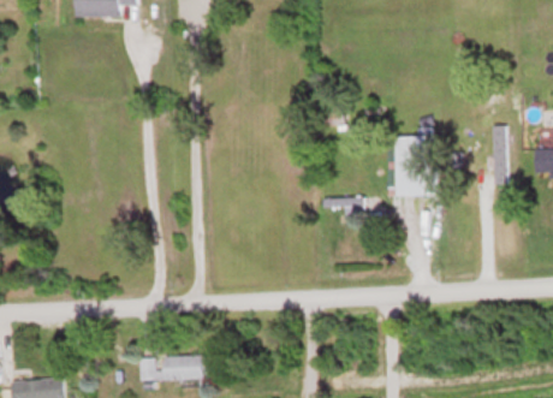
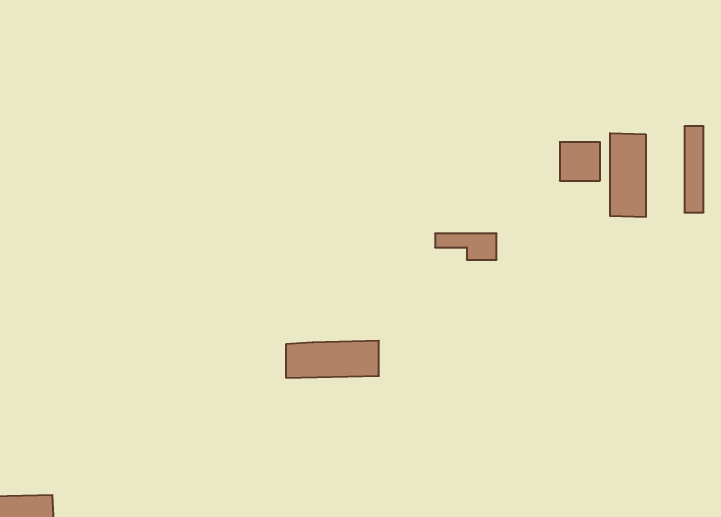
building: none -> [610,133,646,217]
building: [139,355,203,380] -> [286,341,379,378]

